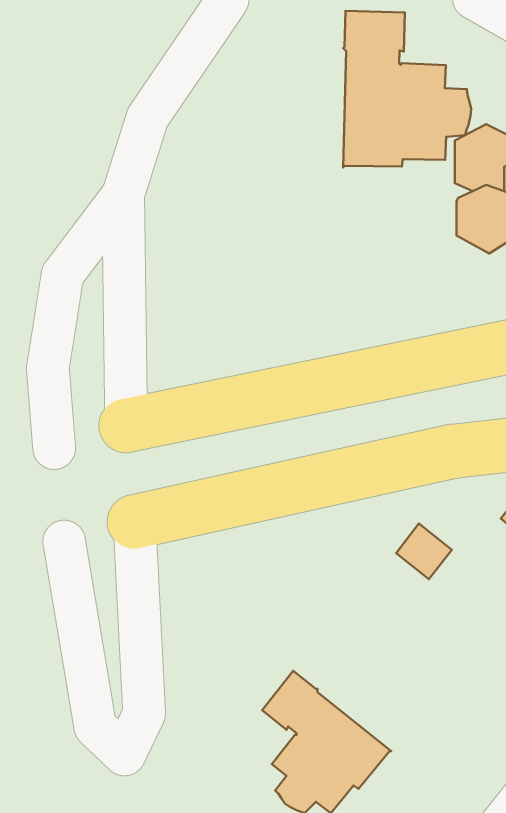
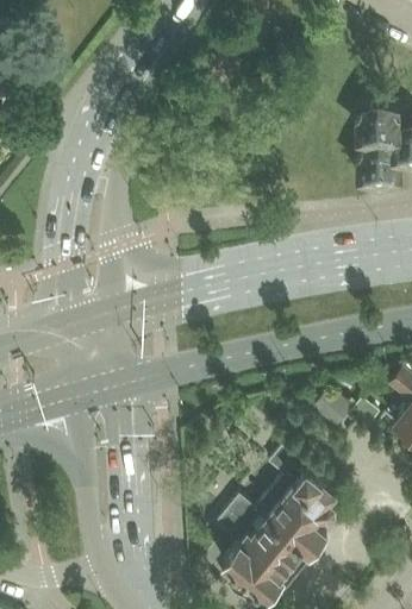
building: [343,11,471,167] -> none
building: none -> [256,453,336,559]

